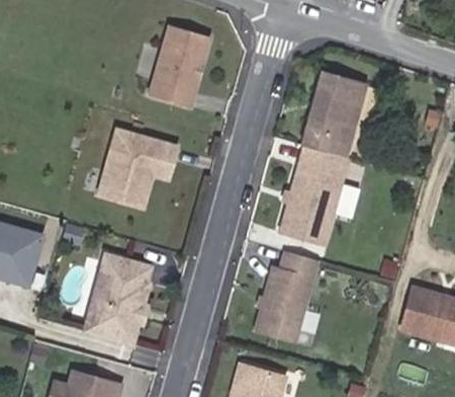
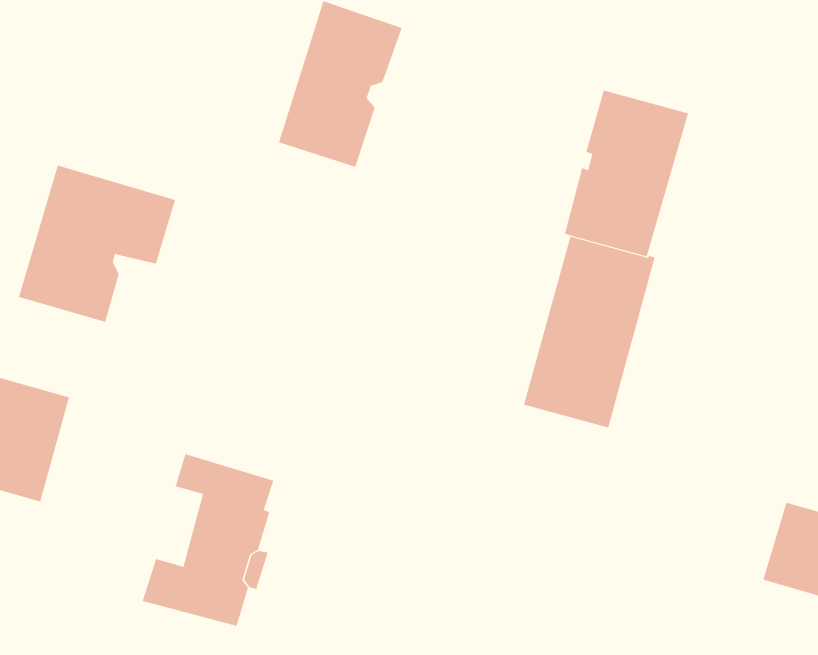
building: [97,132,179,214] -> [18,165,176,322]
building: [254,250,317,339] -> none

